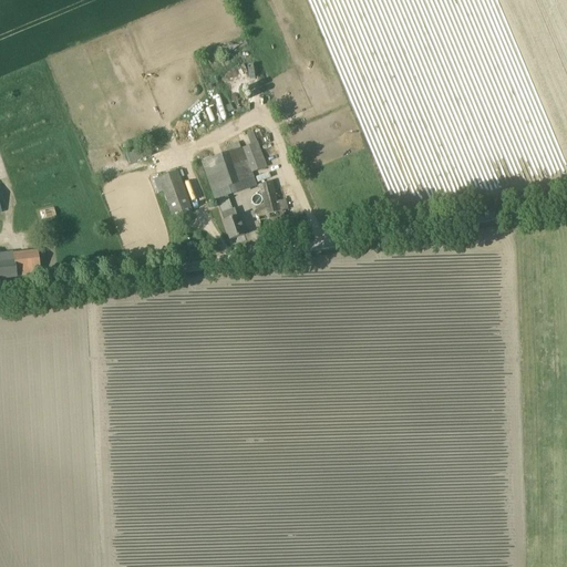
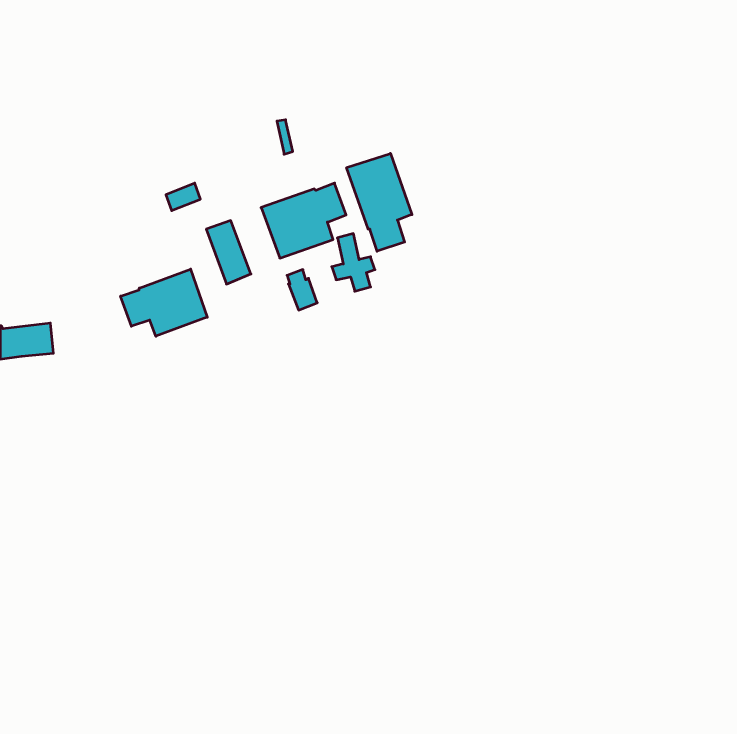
building: none -> [347,153,412,251]
building: none -> [121,269,207,336]

